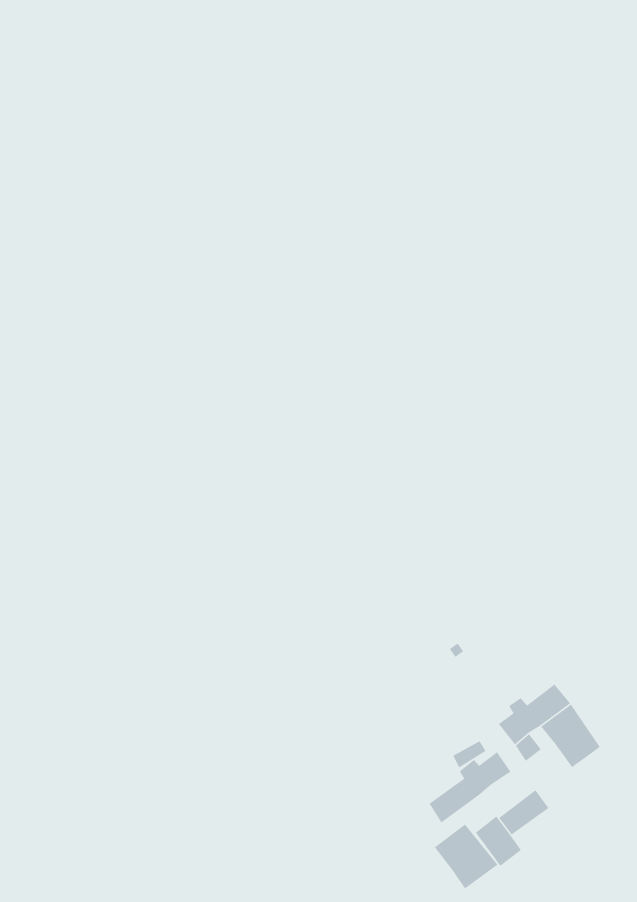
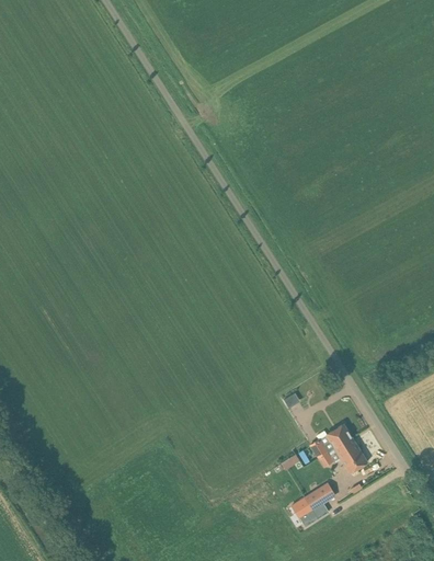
building: [429,751,512,824] -> none
building: [434,824,499,890] -> none

